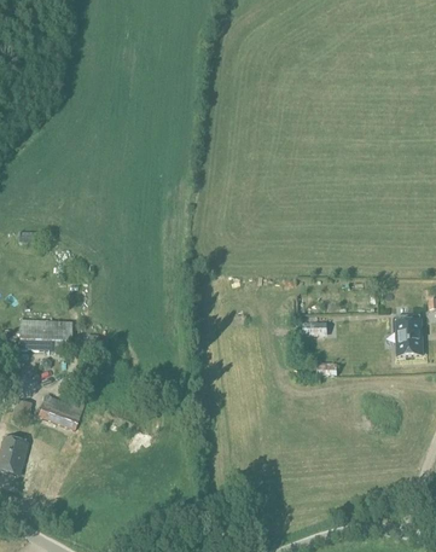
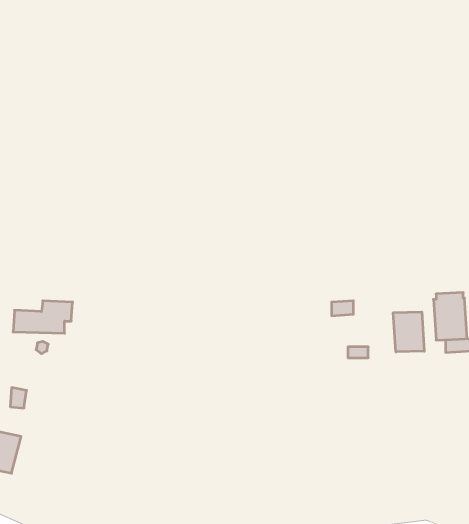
building: none -> [393,312,424,352]
building: [37,396,81,428] -> none

